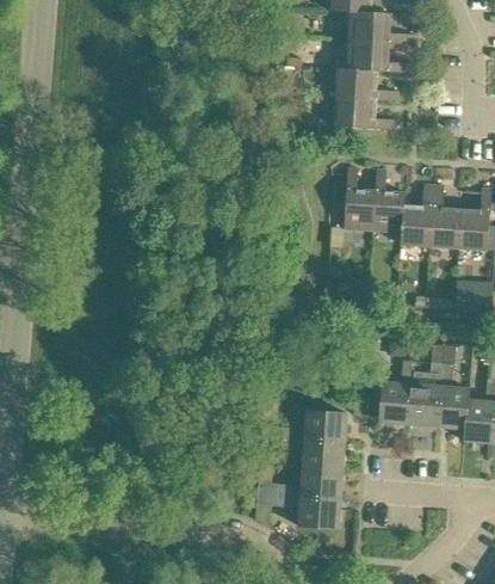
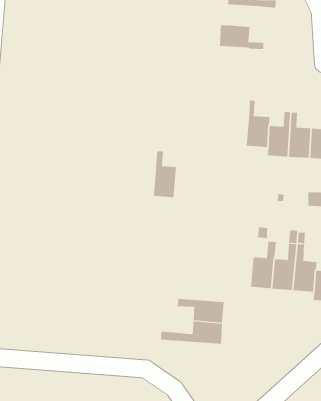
building: [347,39,413,73] -> none
building: [336,96,397,129] -> none
building: [345,167,377,230] -> [153,151,177,198]
building: [281,410,347,442] -> none
building: [256,493,341,528] -> none

